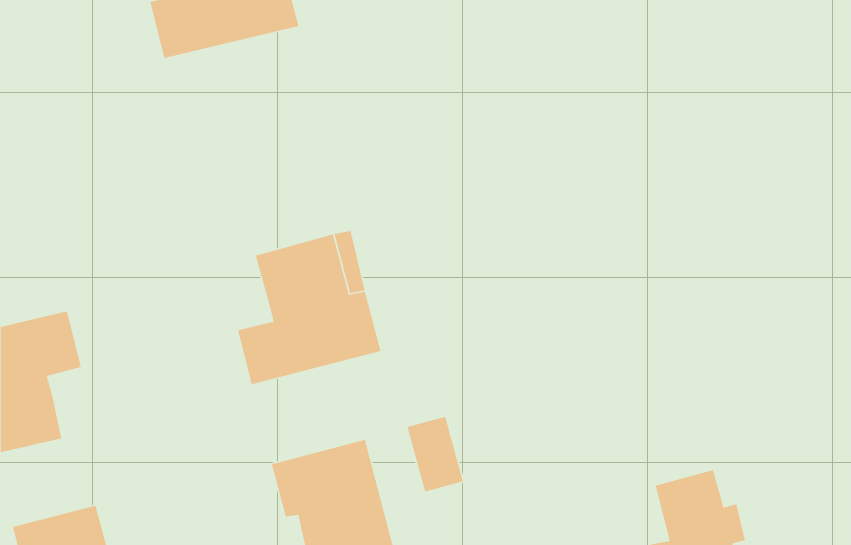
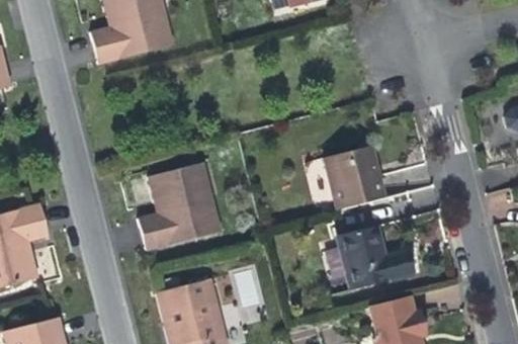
building: none -> [320,148,379,211]
building: none -> [338,228,413,290]

